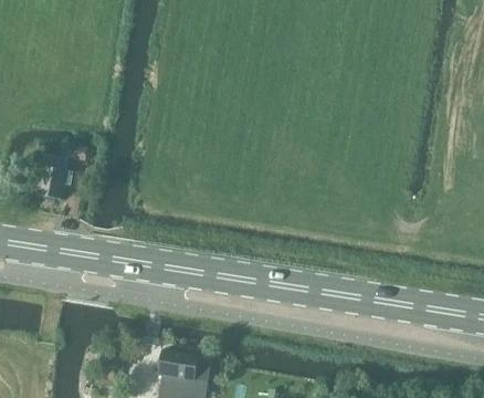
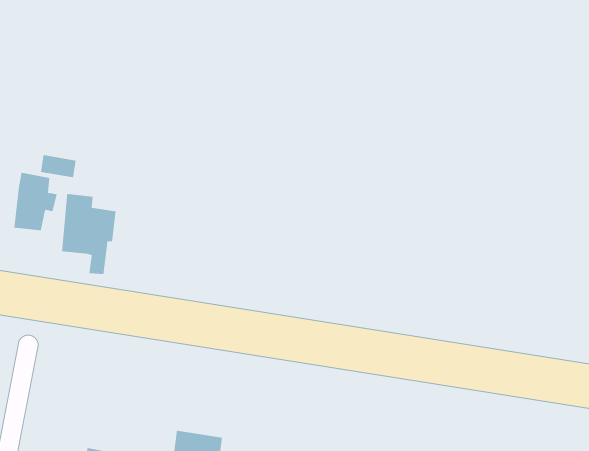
building: none -> [61,193,116,275]

